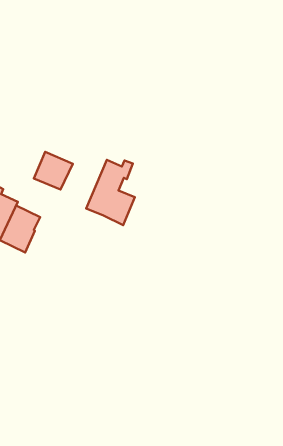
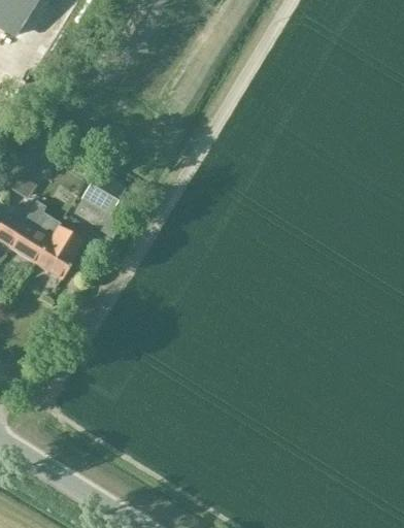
building: [86,160,135,225] -> none

